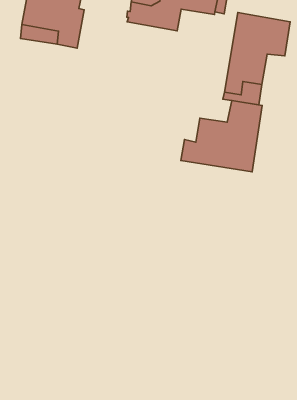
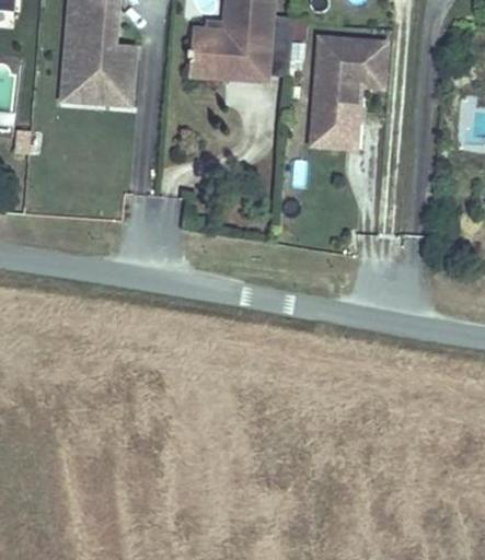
building: none -> [186,43,292,77]
building: [181,100,262,172] -> none

